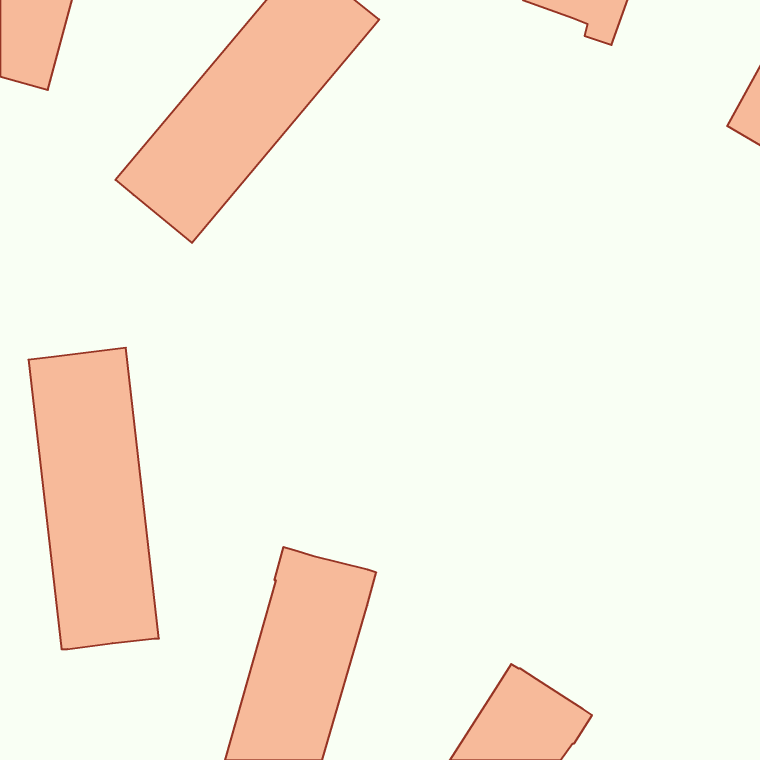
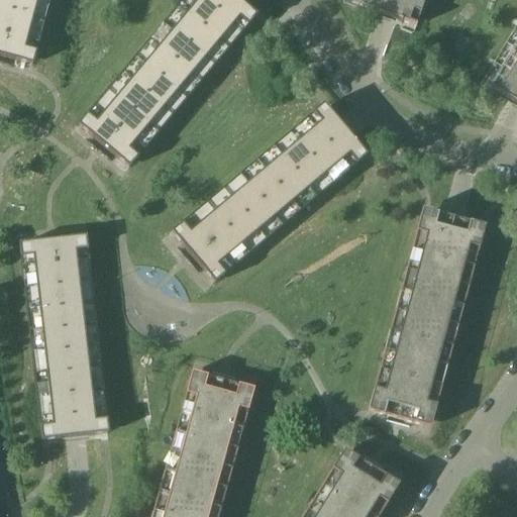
building: none -> [176,102,370,280]
building: none -> [372,207,488,424]

